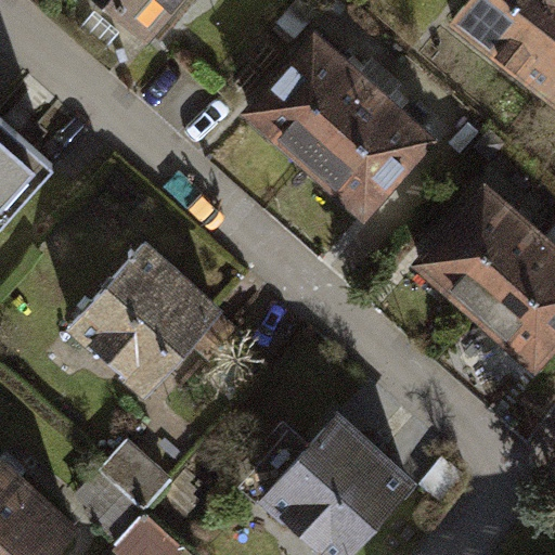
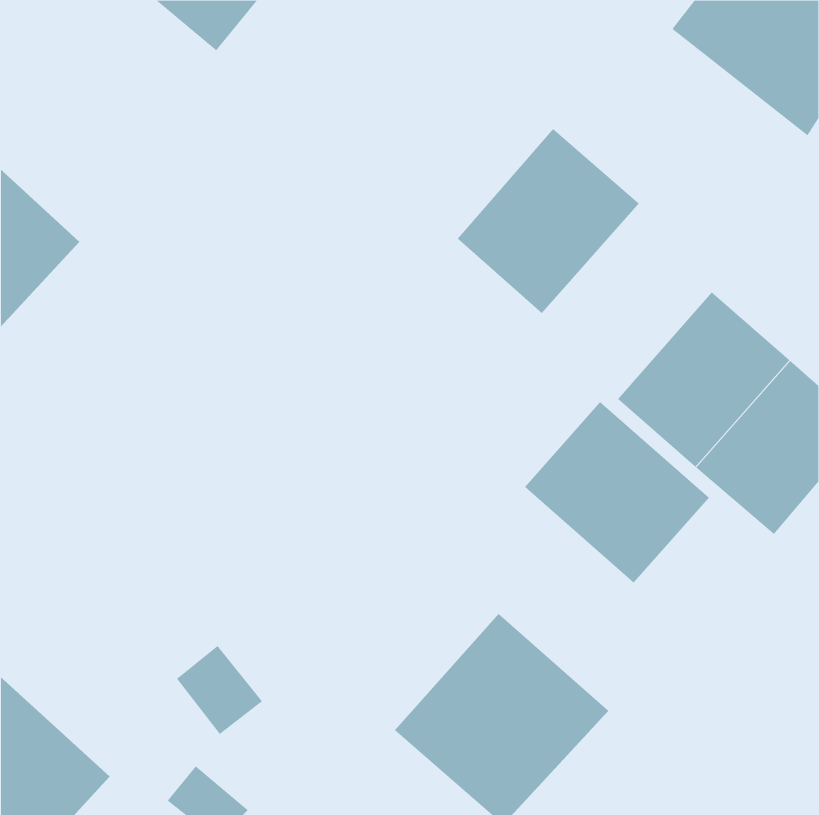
building: [250,38,374,164] -> none
building: [73,245,220,391] -> none
building: none -> [524,401,710,583]

